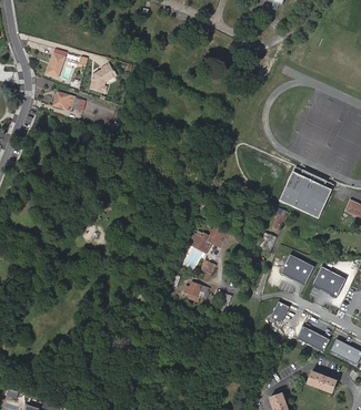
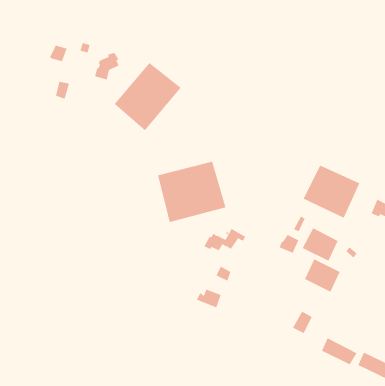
building: none -> [114,62,182,131]
building: none -> [158,161,226,223]
building: [312,265,345,296] -> [302,227,338,261]

